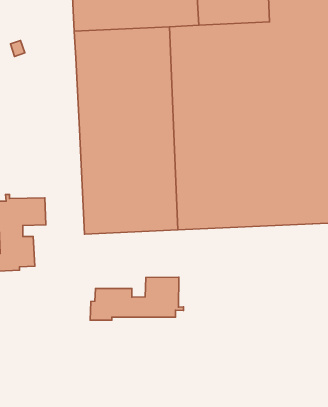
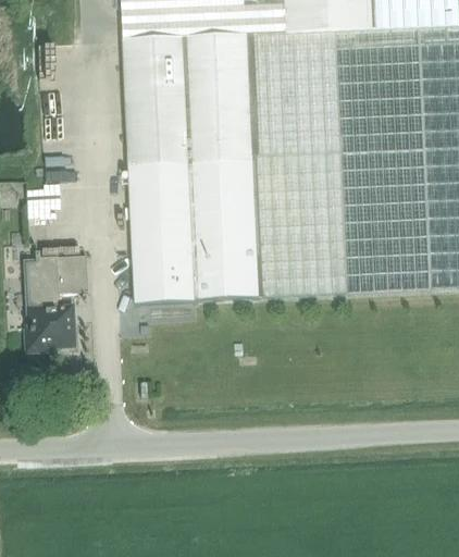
building: [90,277,184,320] -> none

